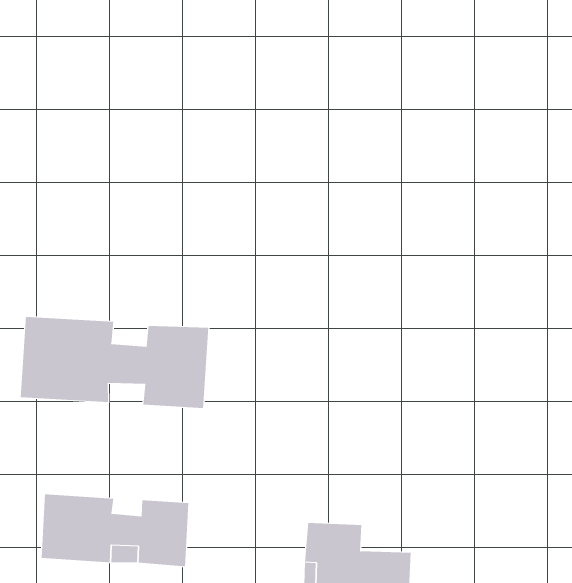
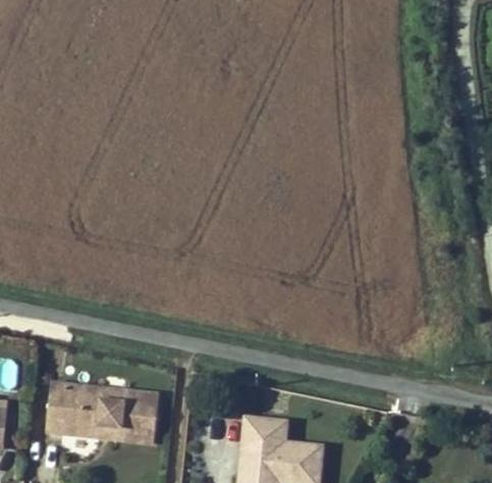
building: [20,316,209,409] -> none

